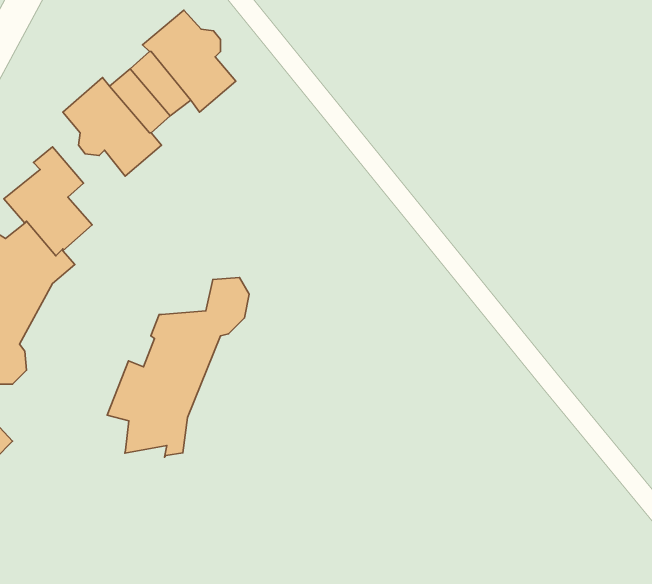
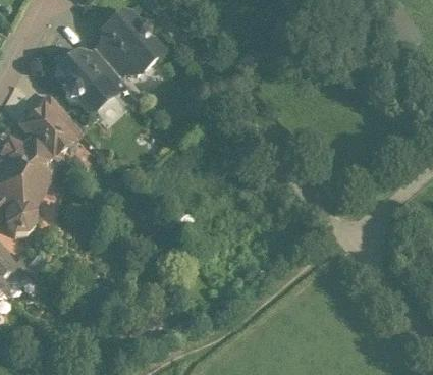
building: [107,277,249,457] -> none

